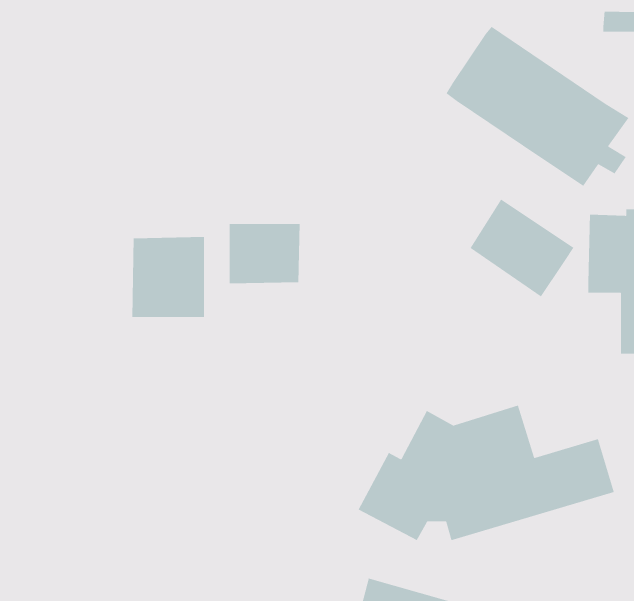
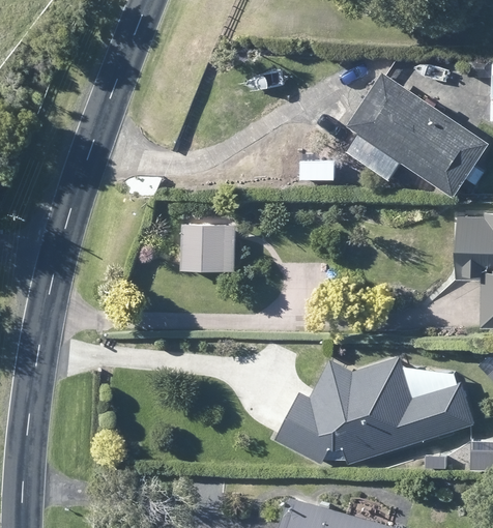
building: [470,198,575,298] -> none
building: [131,236,205,318] -> none

